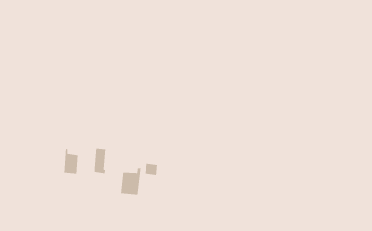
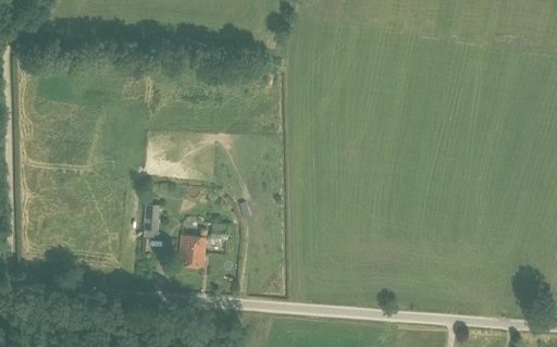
building: [63,148,79,174] -> none

